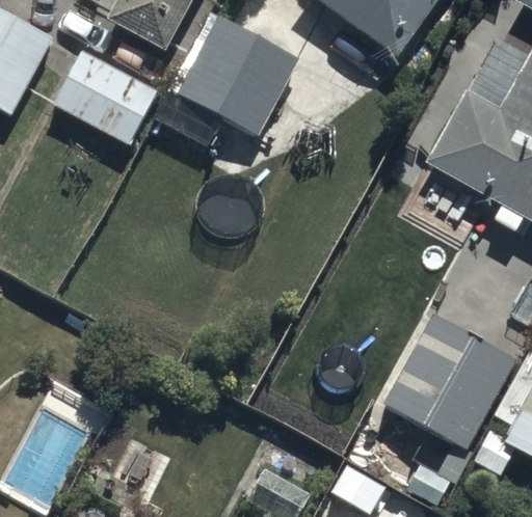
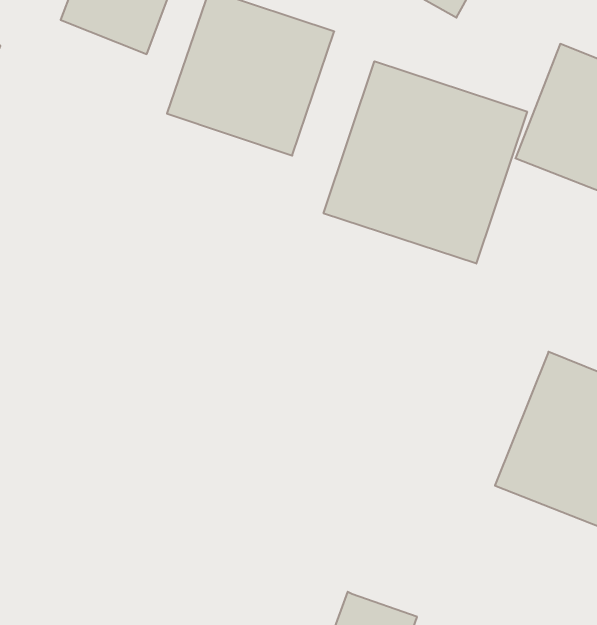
building: [51,46,161,146] -> none
building: none -> [324,61,527,264]

